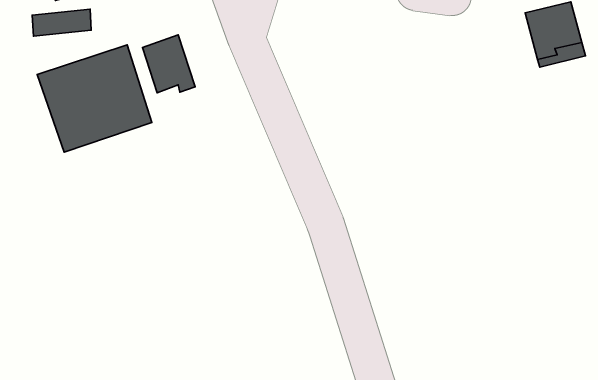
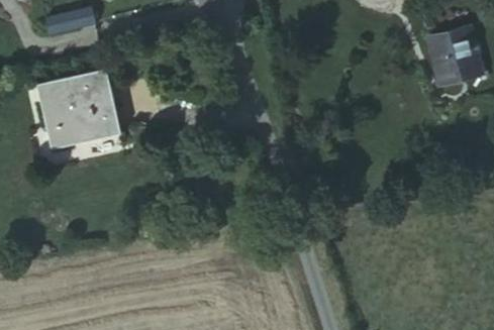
building: [142,35,195,93] -> none

